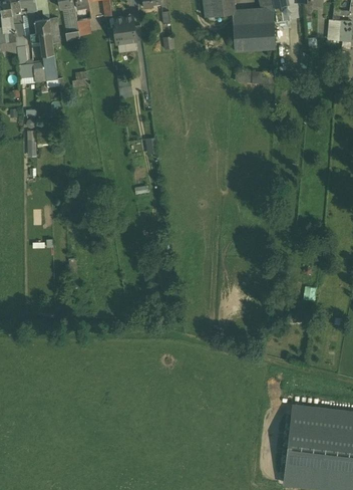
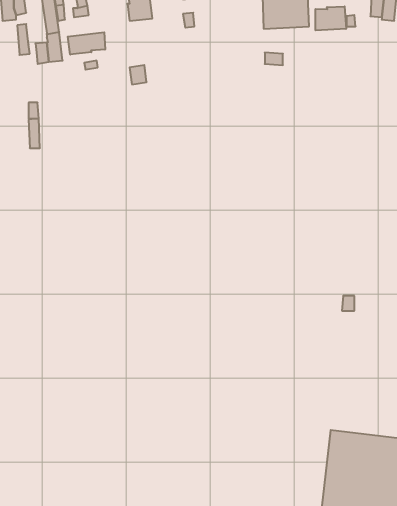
building: none -> [316,6,346,30]
building: none -> [68,32,105,55]

